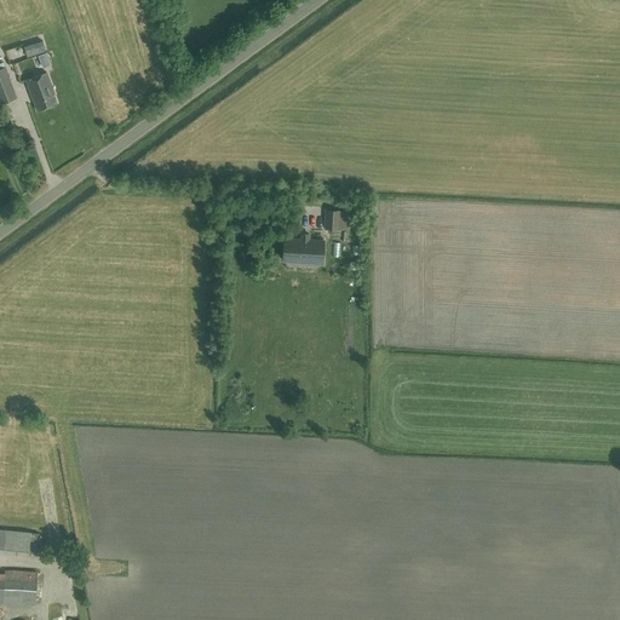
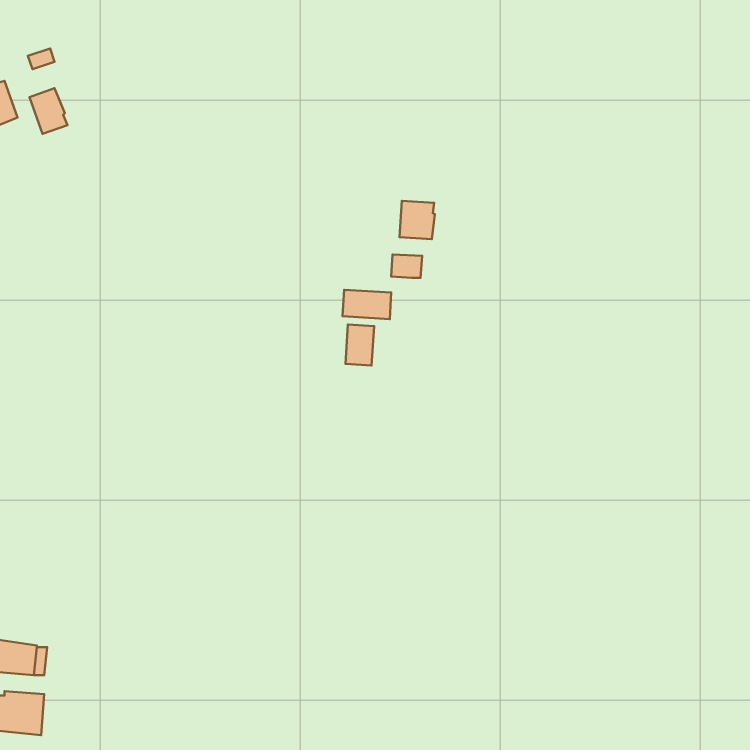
building: none -> [399,201,435,239]
building: none -> [345,324,374,366]

